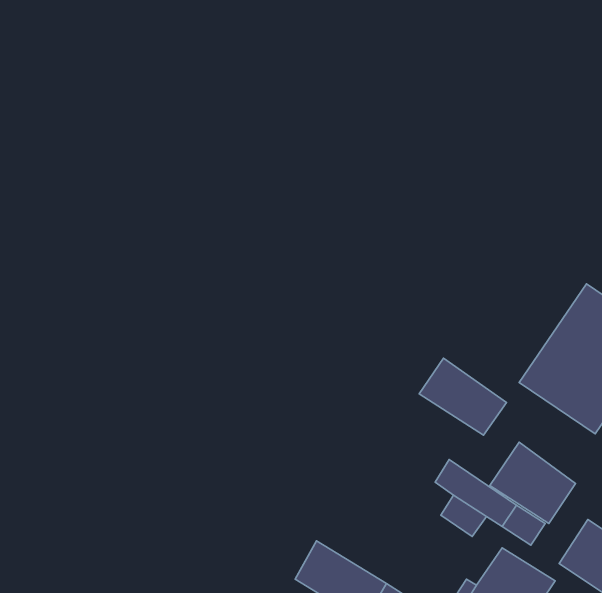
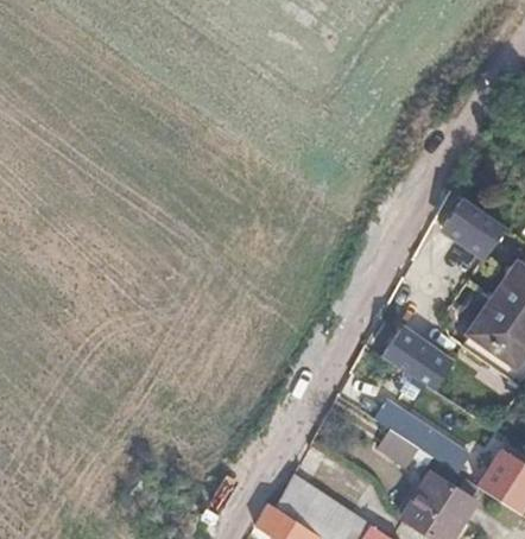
building: none -> [429,190,495,251]
building: [490,442,576,524] -> none

